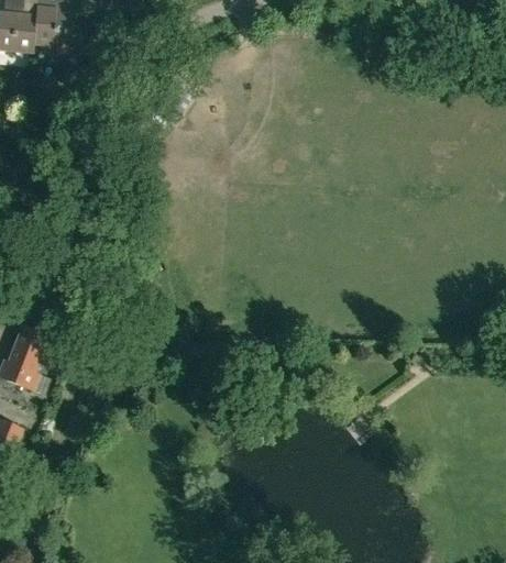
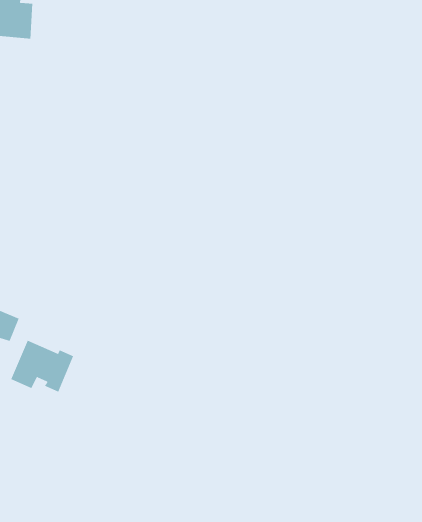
building: none -> [11,340,74,393]

